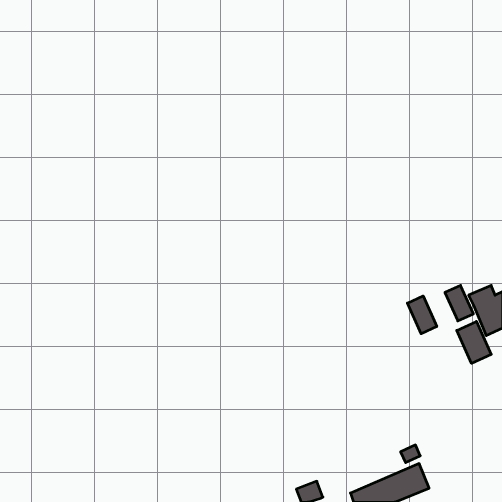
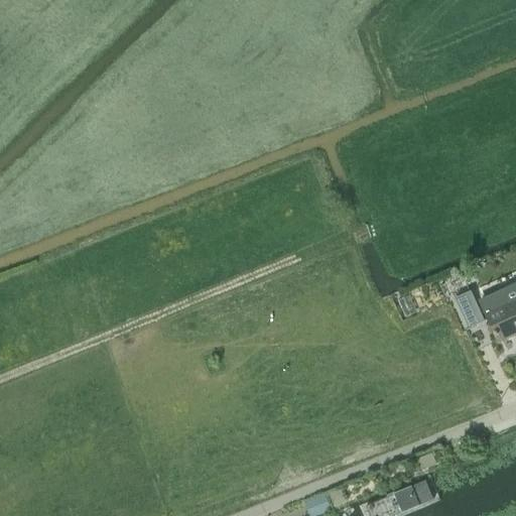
building: [407,296,437,334] -> none
building: [457,321,491,363] -> none

